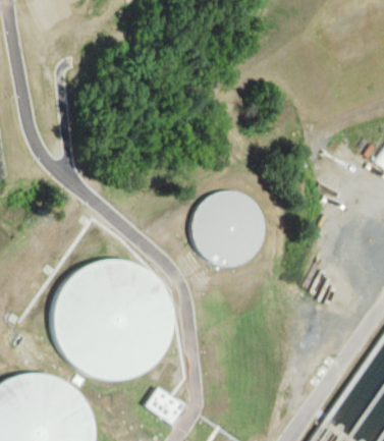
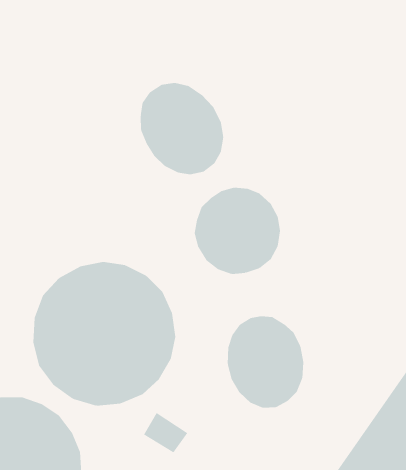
building: none -> [140,82,224,175]
building: none -> [227,316,304,409]

